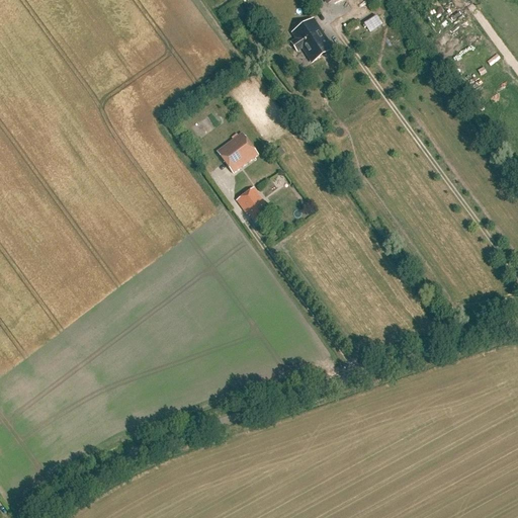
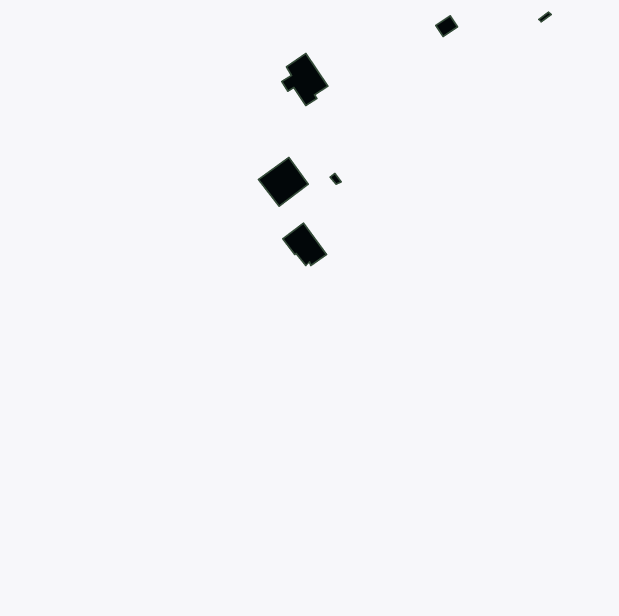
building: [291,17,330,61] -> [282,54,328,106]

